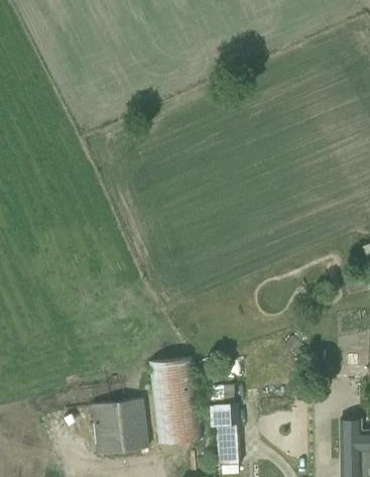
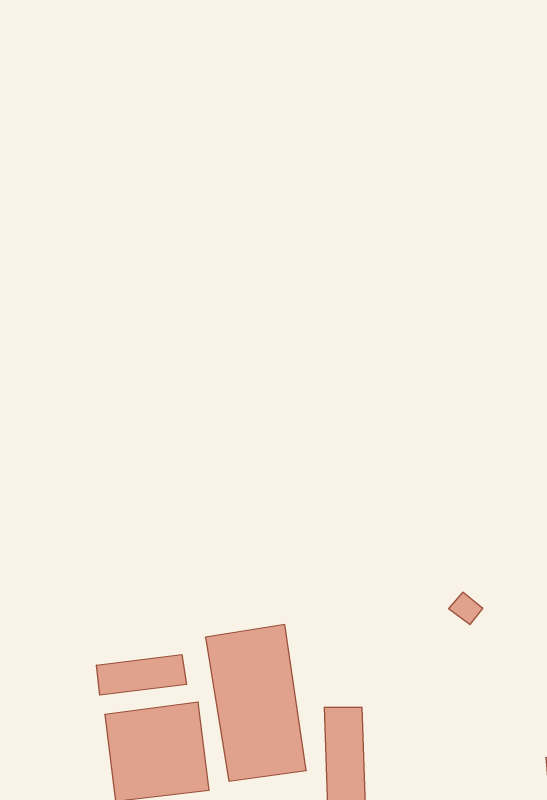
building: none -> [97,655,187,695]

